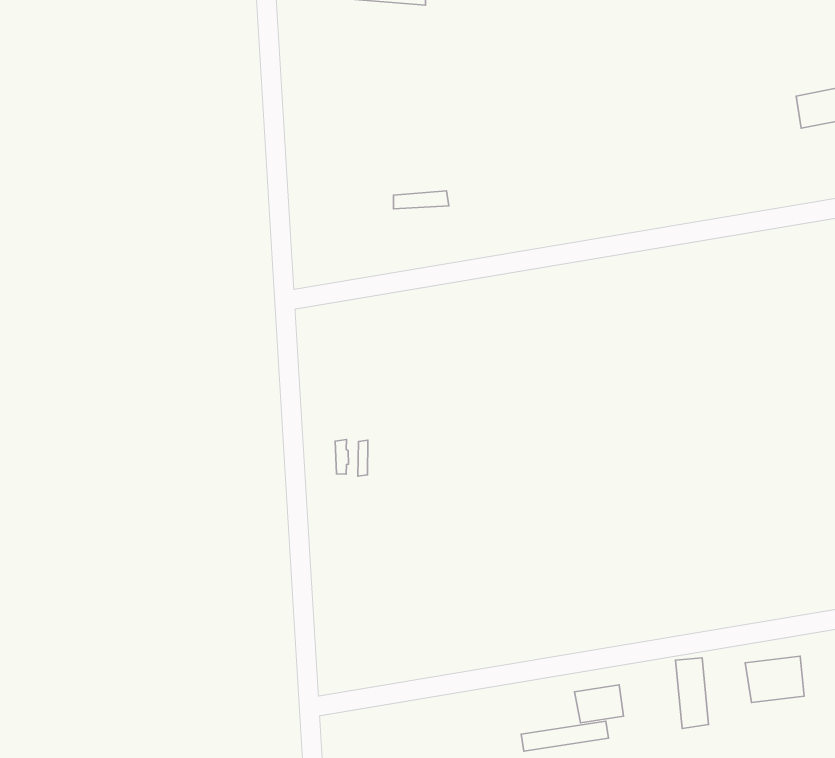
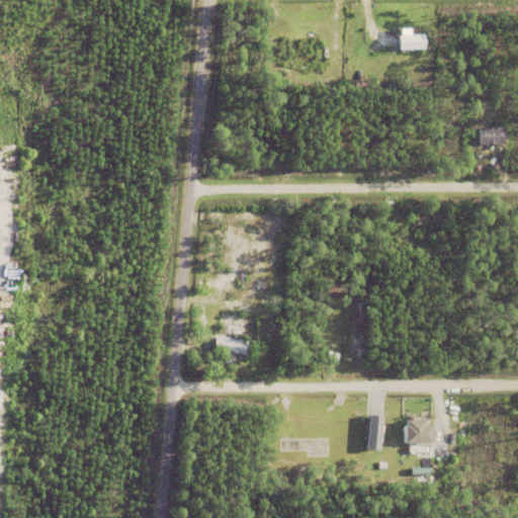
building: none -> [212,337,246,355]
building: [575,685,623,723] -> none

